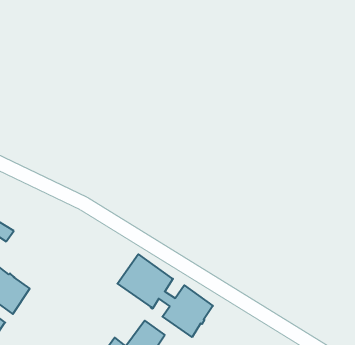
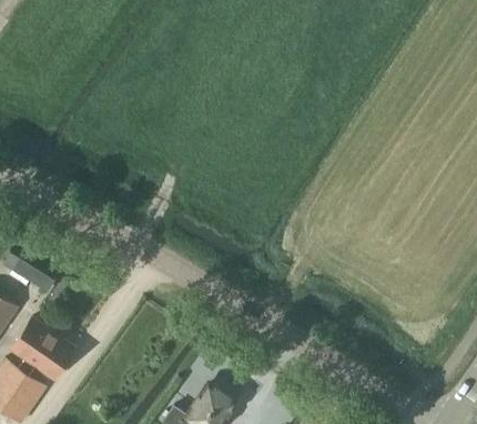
building: [117,254,213,337] -> none

